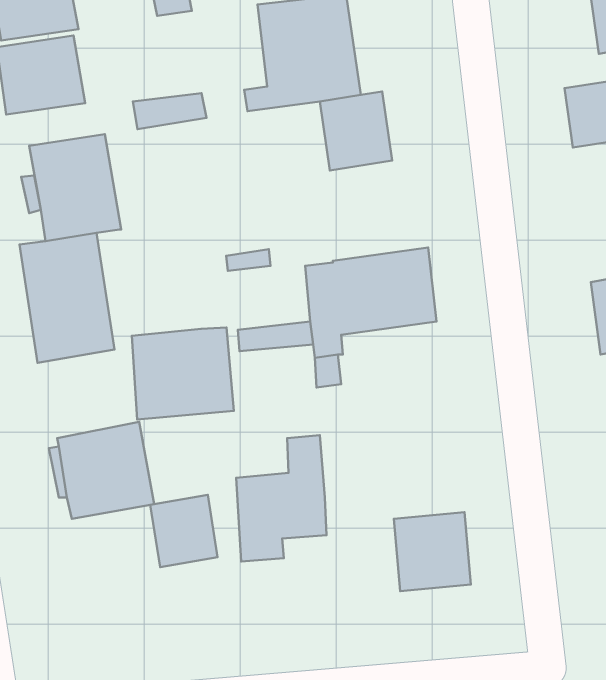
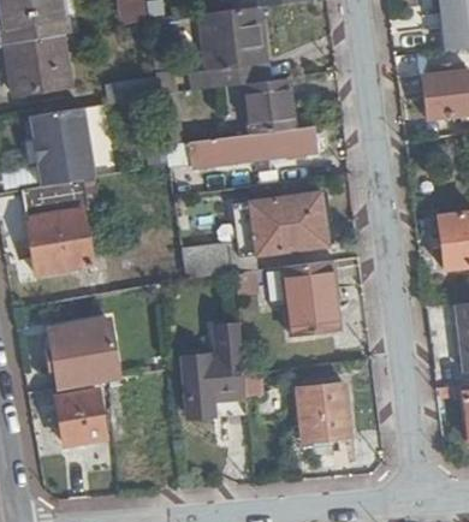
building: none -> [167,125,319,171]
building: [132,328,234,420] -> none
building: none -> [286,260,340,336]
building: [150,495,218,567] -> [57,391,106,444]

